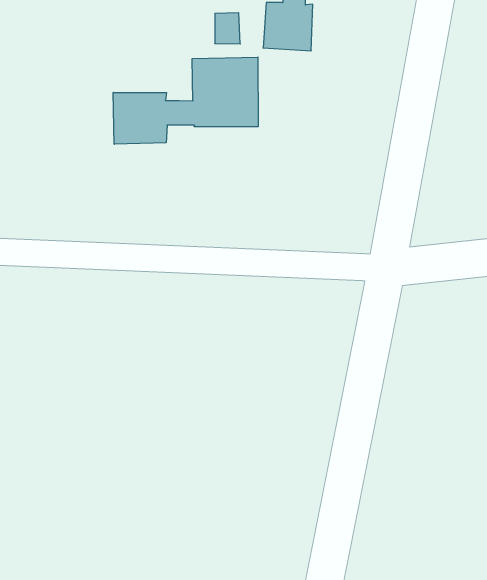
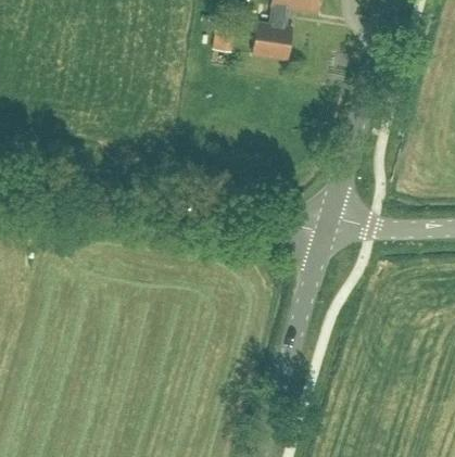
building: [113,57,258,144] -> none

